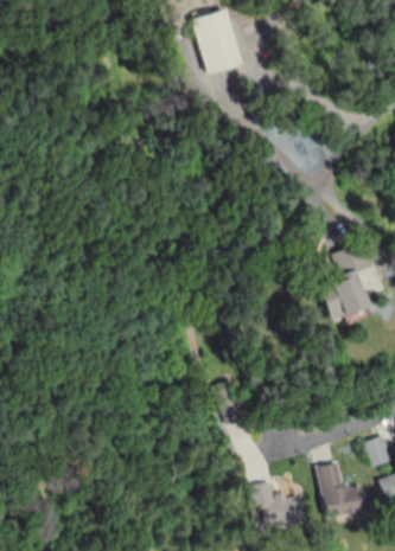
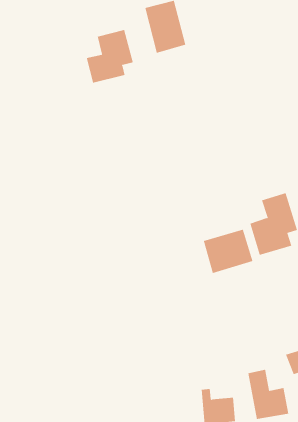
building: none -> [86,29,133,84]
building: none -> [203,229,253,274]

